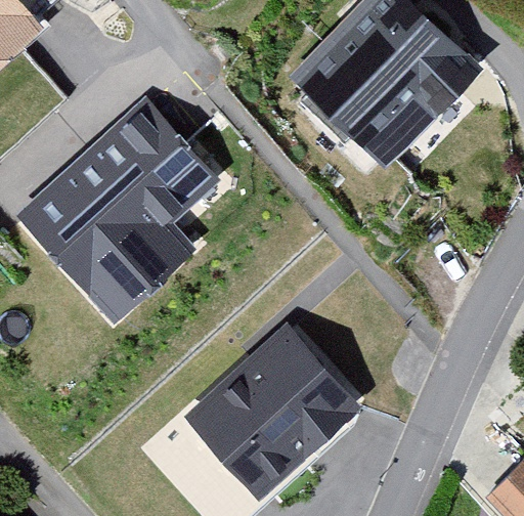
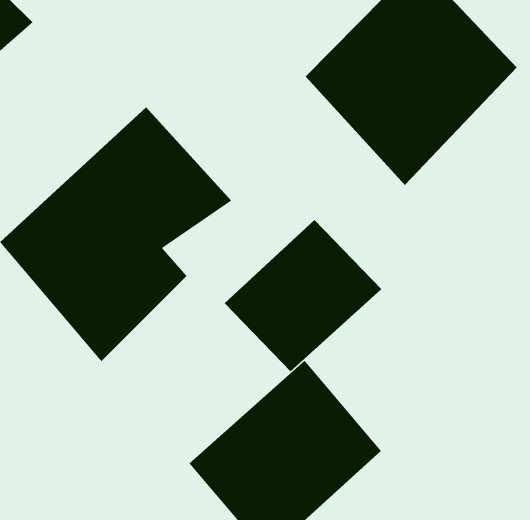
building: none -> [224,219,382,372]

